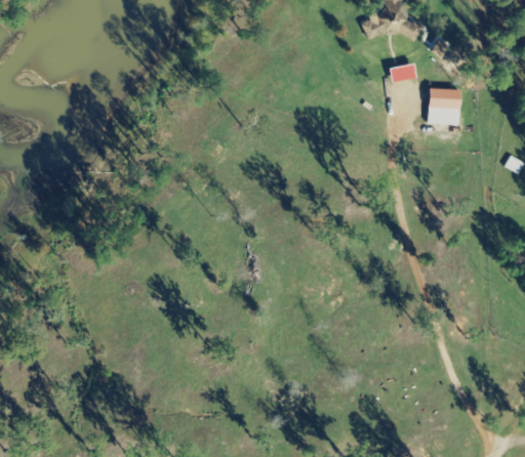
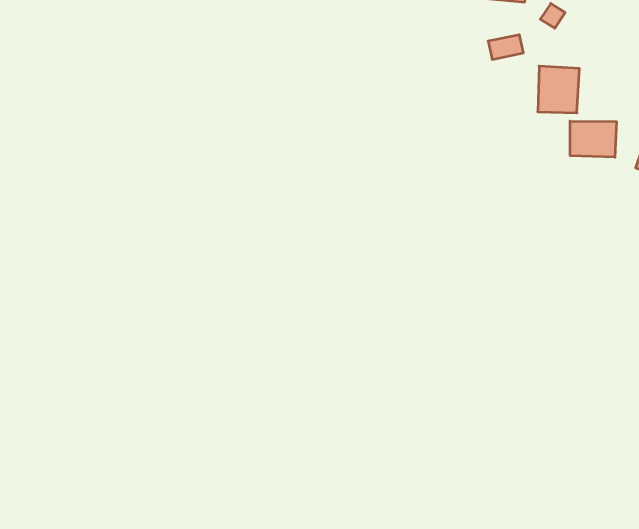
building: none -> [570,121,616,157]

